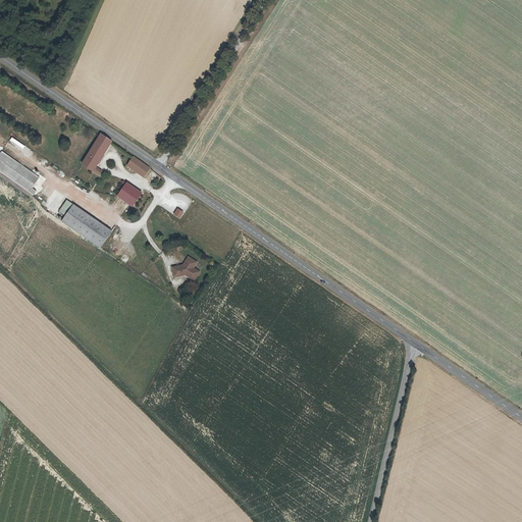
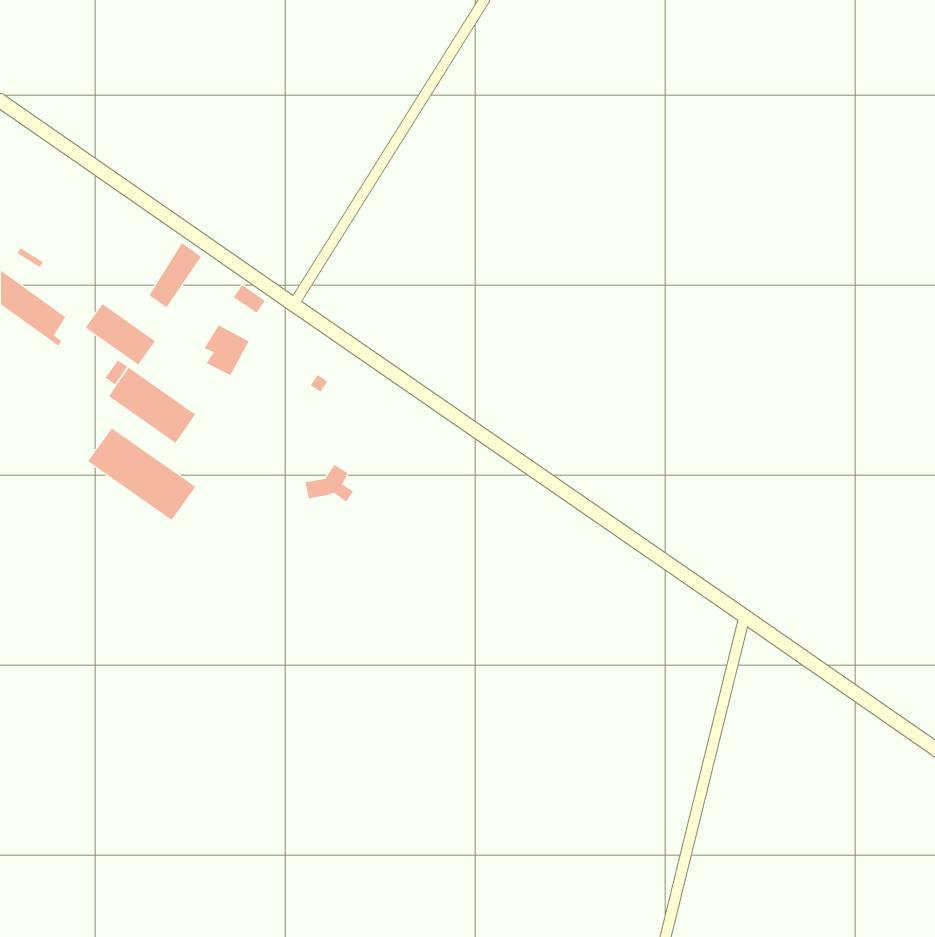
building: none -> [85,303,156,365]
building: none -> [87,427,196,521]

